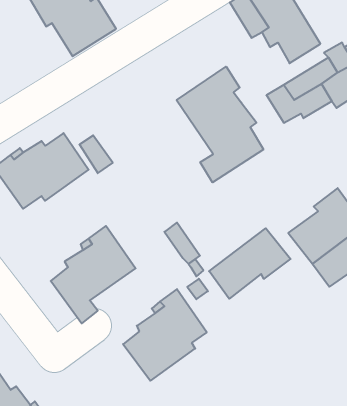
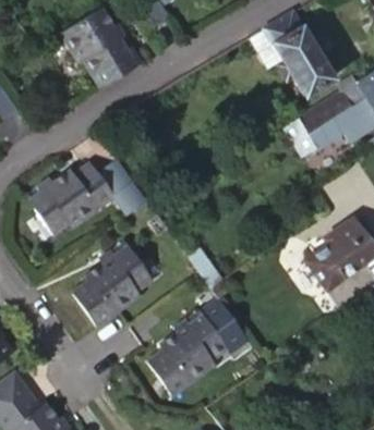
building: [177,67,263,182] -> none
building: [209,228,291,299] -> none

